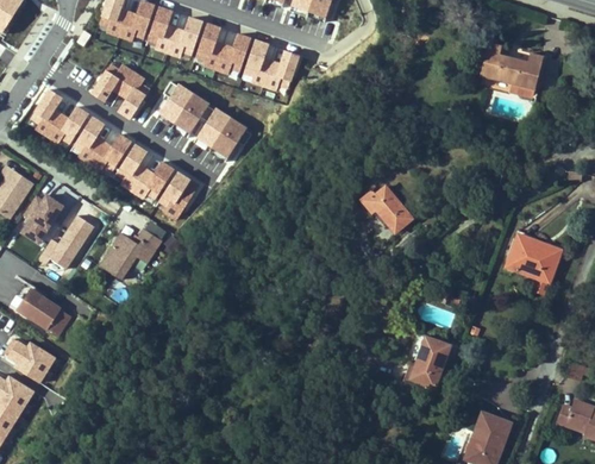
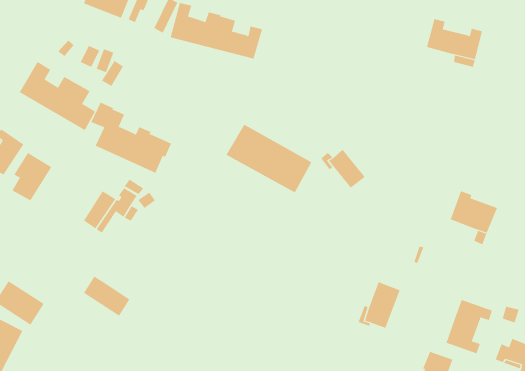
building: [151,83,248,161] -> [226,124,312,193]
building: [39,214,94,272] -> none
building: [17,288,69,333] -> [83,276,130,316]
building: none -> [446,299,493,354]

